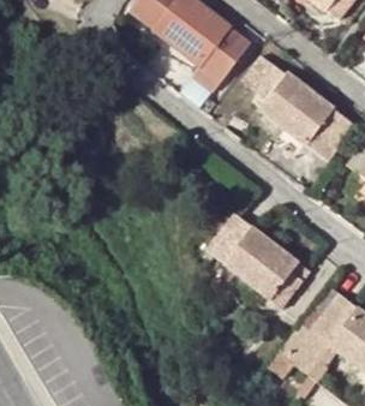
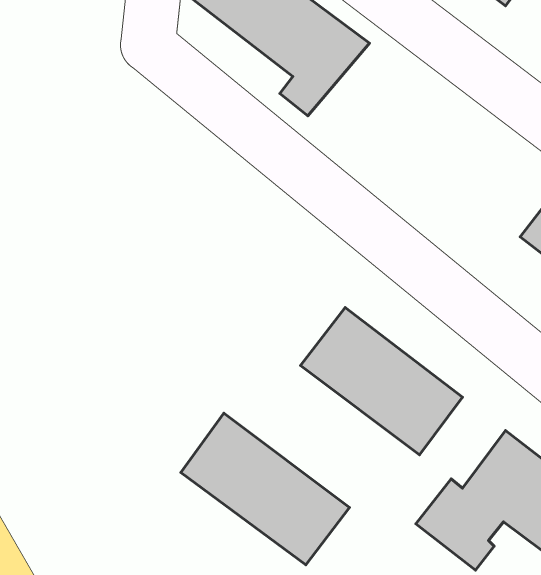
building: [240,55,353,161] -> none
building: none -> [181,413,350,565]

